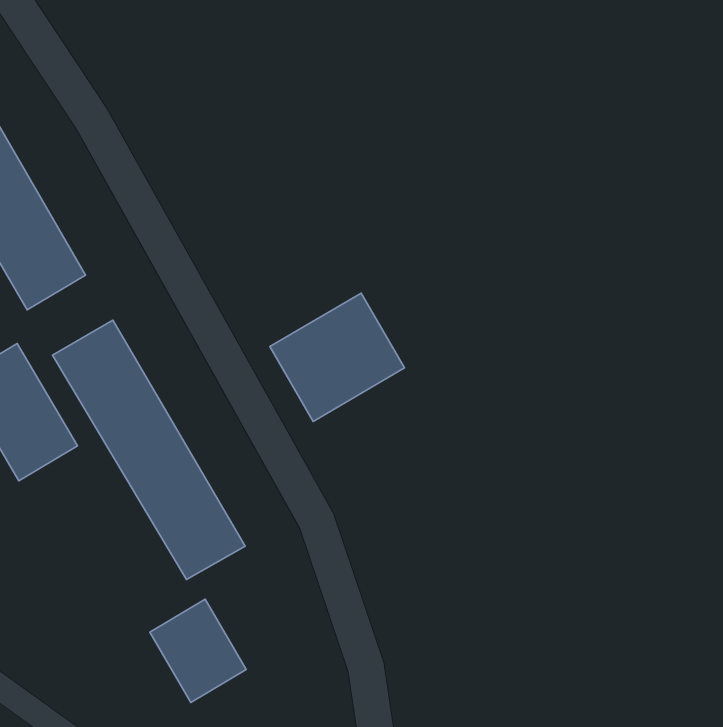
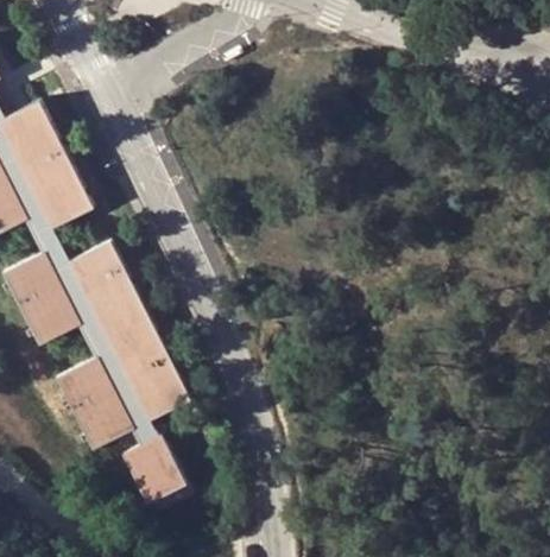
building: [270,293,405,421] -> none
building: none -> [55,356,133,449]

